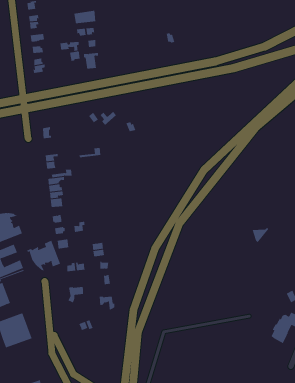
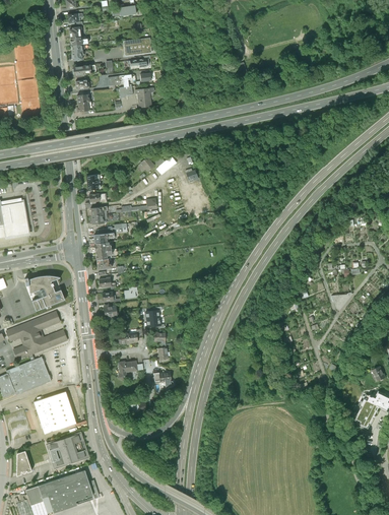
building: [26,240,61,273] -> none
building: none -> [46,433,87,468]

